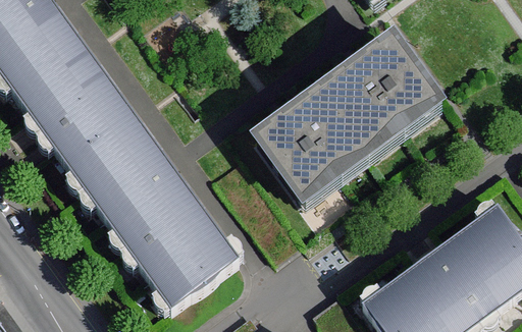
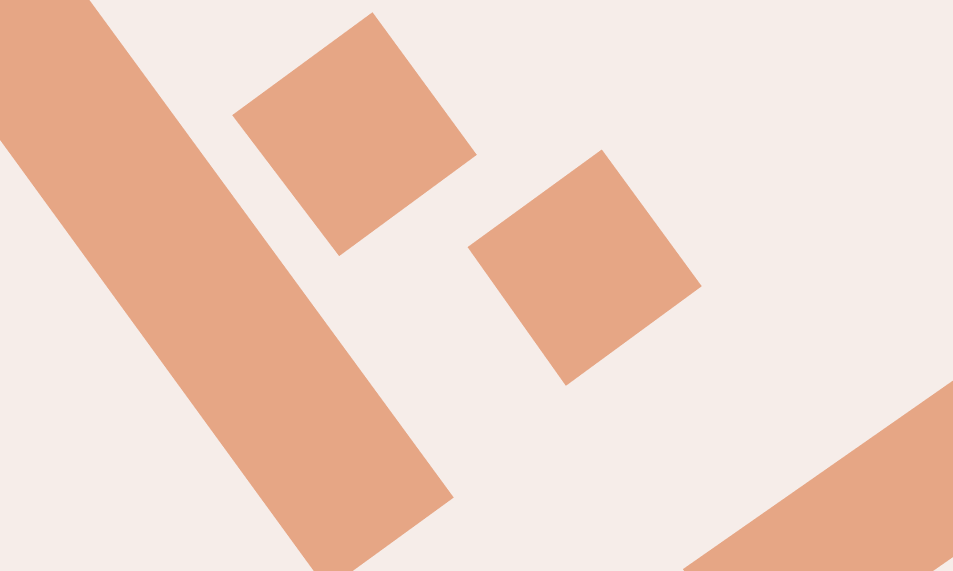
building: none -> [231,11,478,257]
building: [321,29,447,153] -> none

